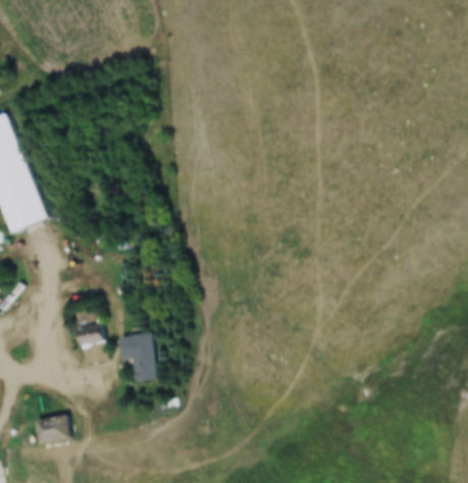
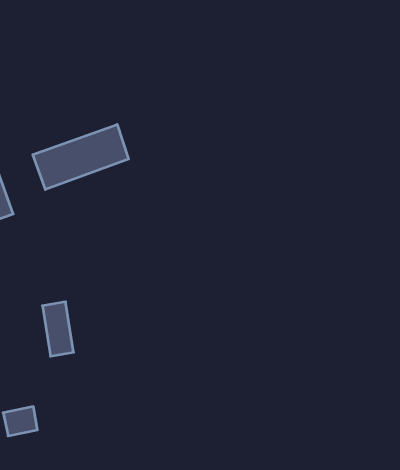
building: none -> [33,124,129,190]
building: [119,332,157,382] -> none

